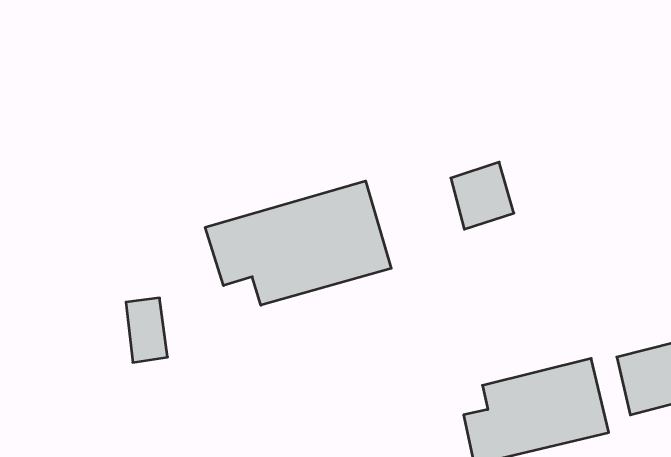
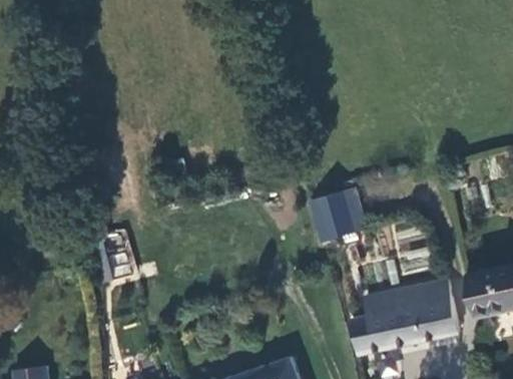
building: [451,162,514,229] -> [309,189,356,240]
building: [205,181,391,305] -> none

